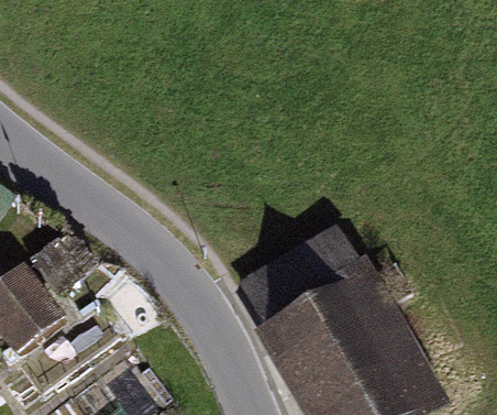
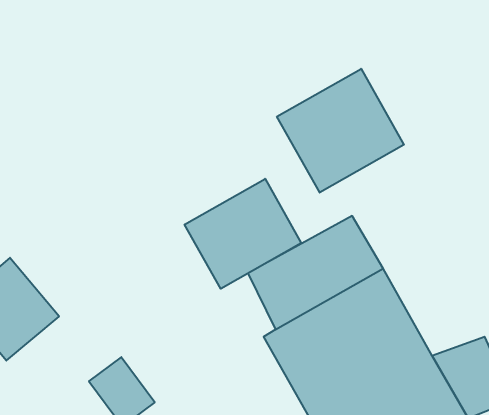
building: none -> [277,69,404,193]
building: none -> [185,179,301,289]

